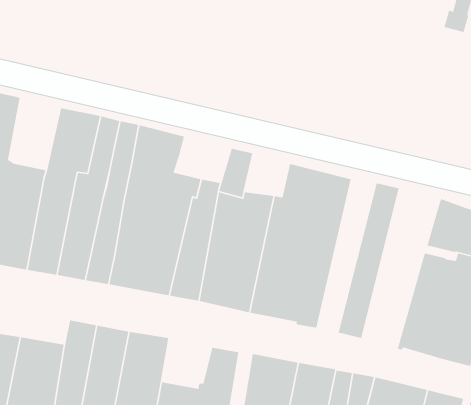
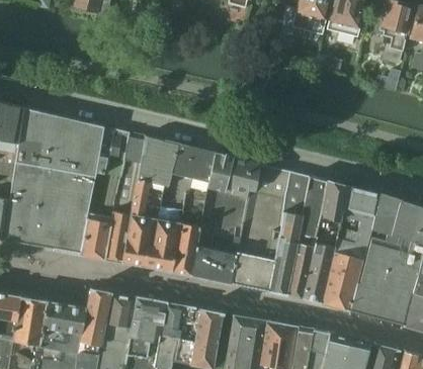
building: none -> [44,114,84,171]
building: none -> [173,145,218,181]
building: none -> [228,158,263,192]
building: none -> [284,178,331,299]
building: none -> [320,185,380,311]
building: none -> [163,302,198,341]

